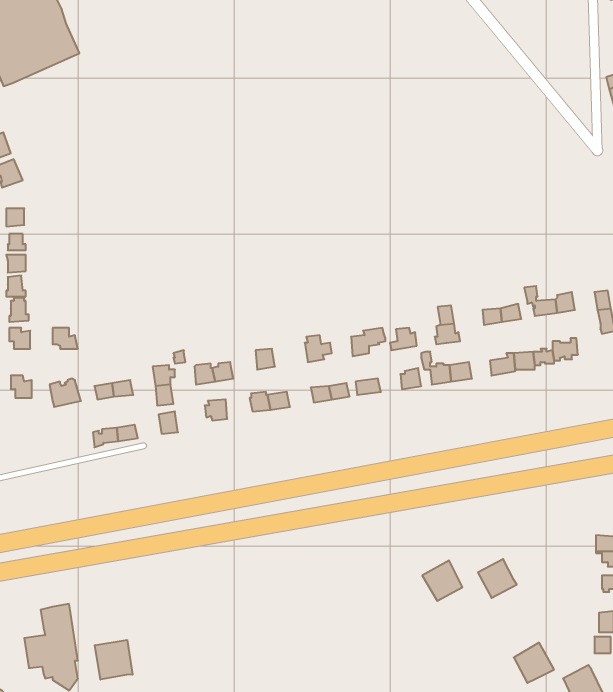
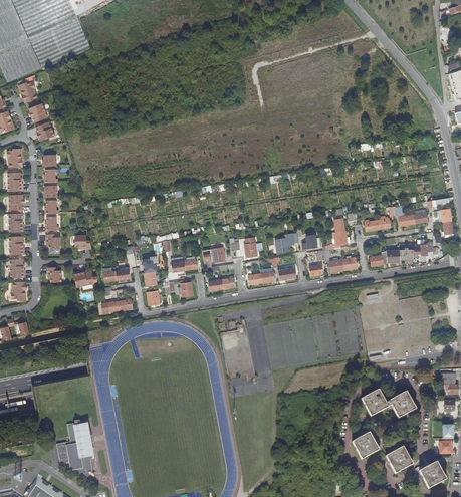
building: [422,560,462,601] -> [352,432,379,459]
building: none -> [389,392,416,419]
building: [95,640,133,680] -> none

